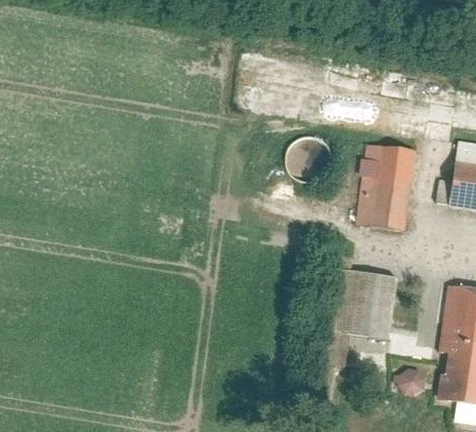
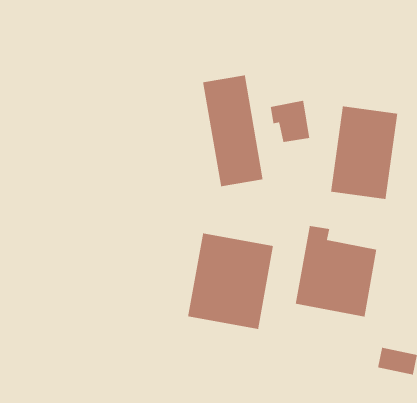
building: none -> [202,75,263,187]
building: none -> [187,233,274,330]

